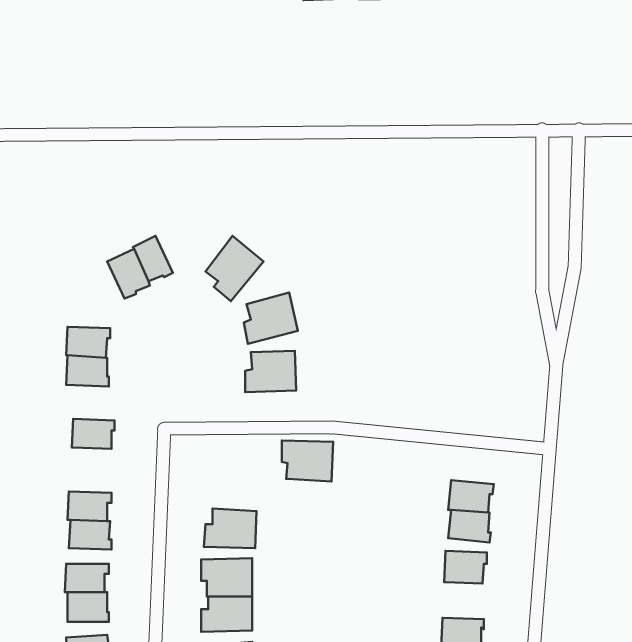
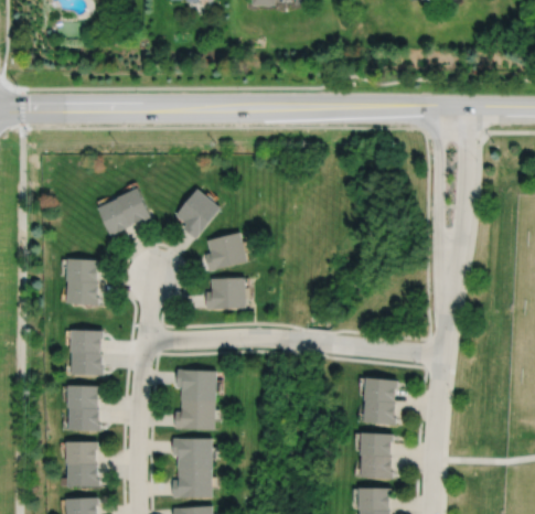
building: [282,440,333,482] -> [175,370,215,401]
building: none -> [72,352,105,375]
building: none -> [360,457,393,480]

